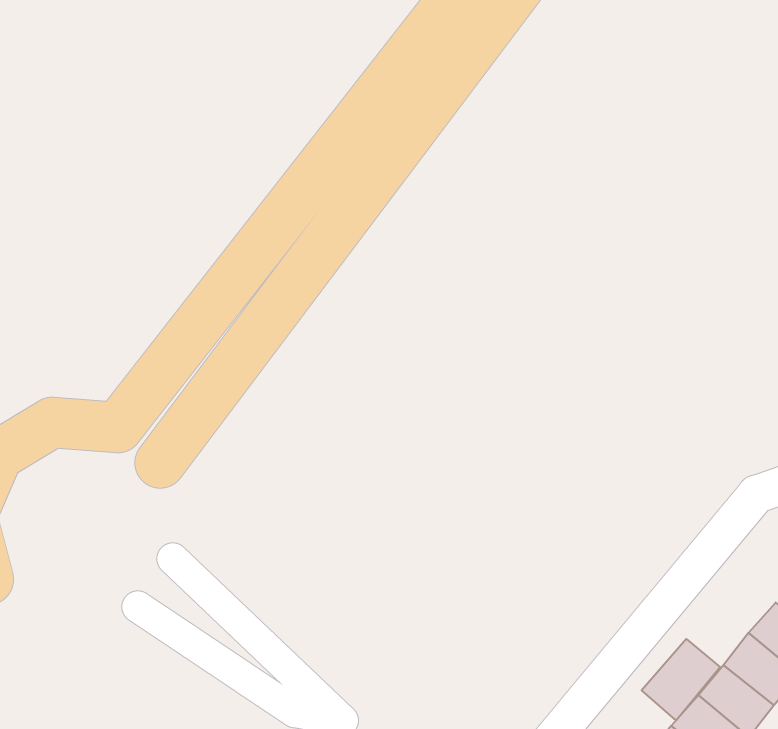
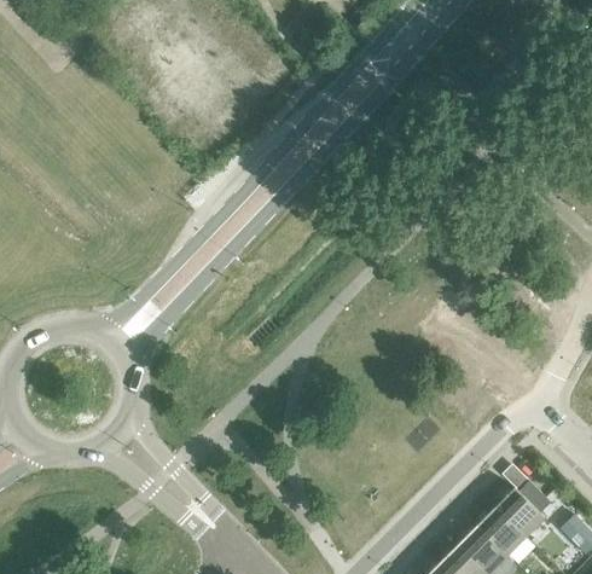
building: [642,639,720,720] -> none

